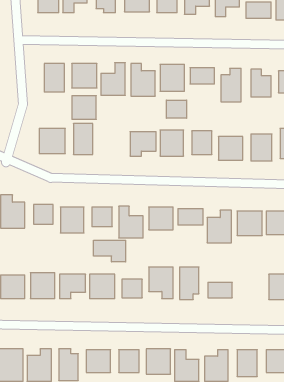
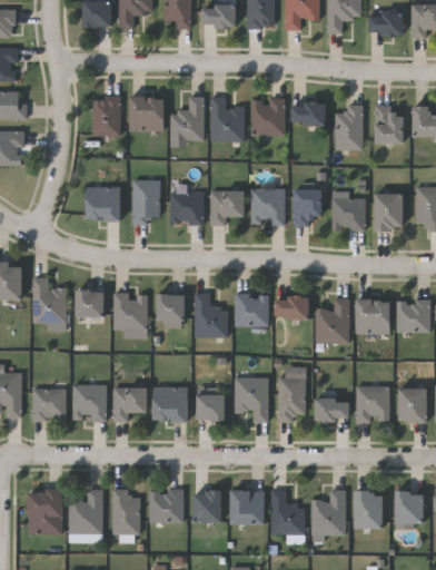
building: [72,96,96,119] -> [170,191,204,224]
building: [166,100,187,118] -> none
building: [94,240,126,262] -> none
building: none -> [356,385,389,420]

